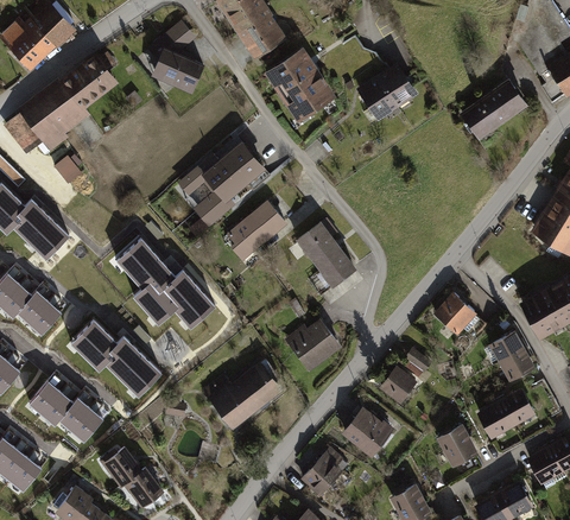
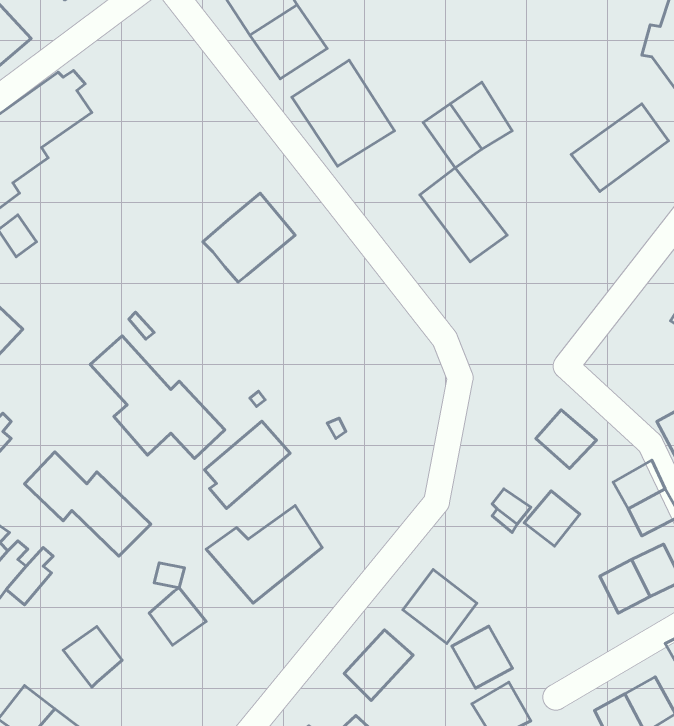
building: [147,21,205,95] -> none
building: [175,153,216,197] -> none
building: [192,192,234,228] -> none
building: [226,201,286,262] -> [205,421,290,509]
building: [294,221,356,287] -> [420,168,507,262]
building: [283,321,338,373] -> none
building: [376,367,416,406] -> [524,491,580,546]
building: [72,401,104,442] -> none
building: [435,424,477,468] -> [452,626,513,688]
building: [124,468,164,508] -> [149,588,206,645]

